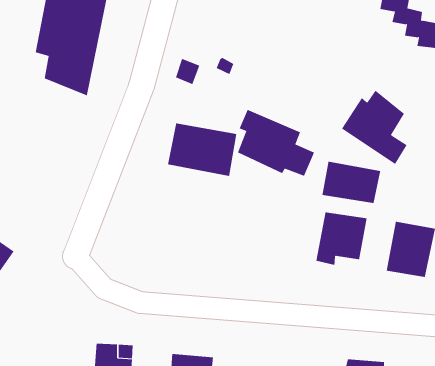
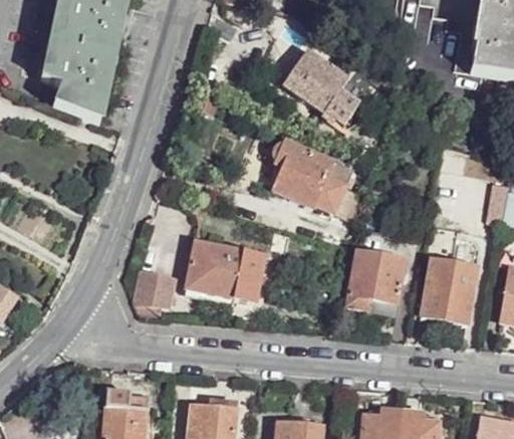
building: [341,90,408,165] -> [284,42,356,124]
building: [167,123,237,176] -> [187,242,263,300]
building: [322,161,381,204] -> none
building: none -> [137,272,176,306]

